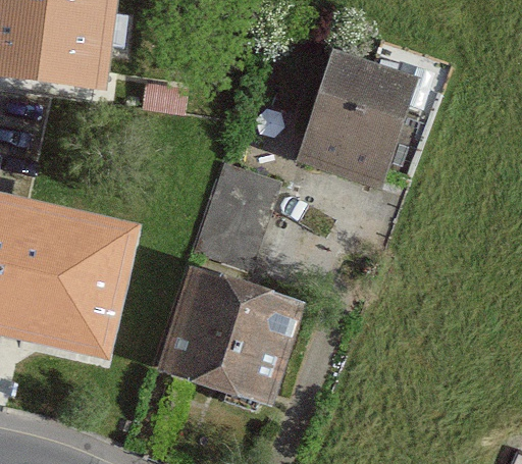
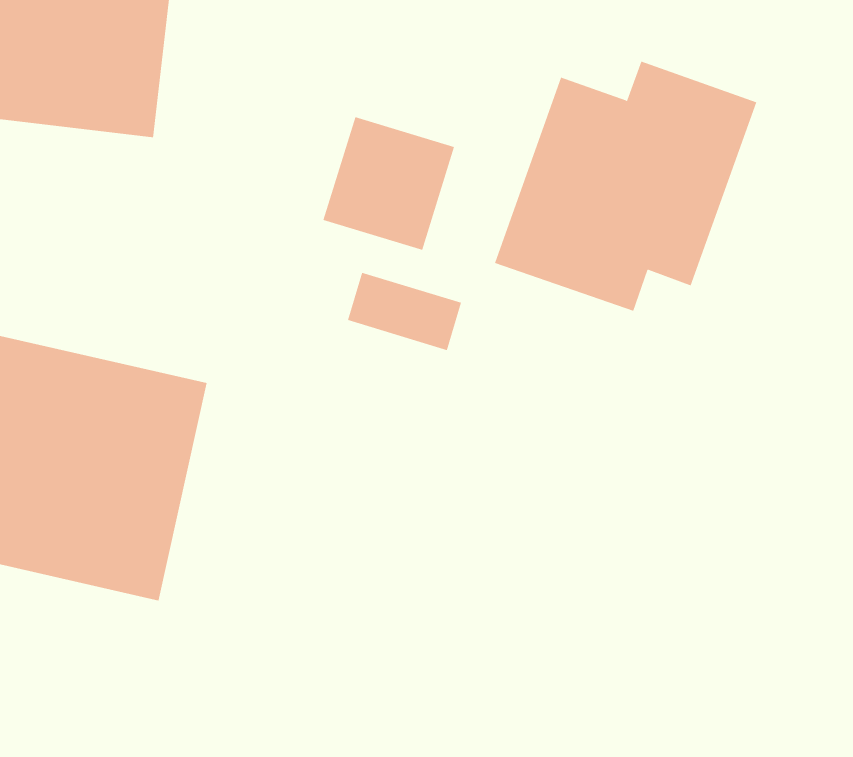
building: [195,192,270,268] -> [323,116,455,251]
building: [164,273,299,398] -> none

